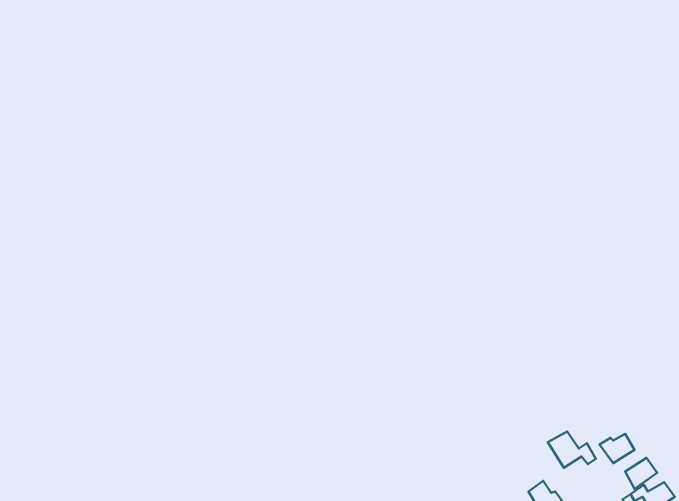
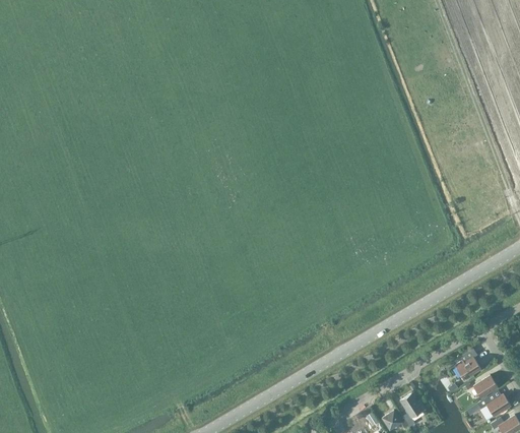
building: [548,431,596,468] -> none

